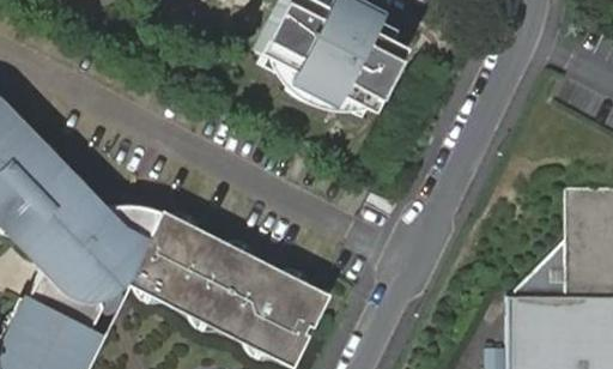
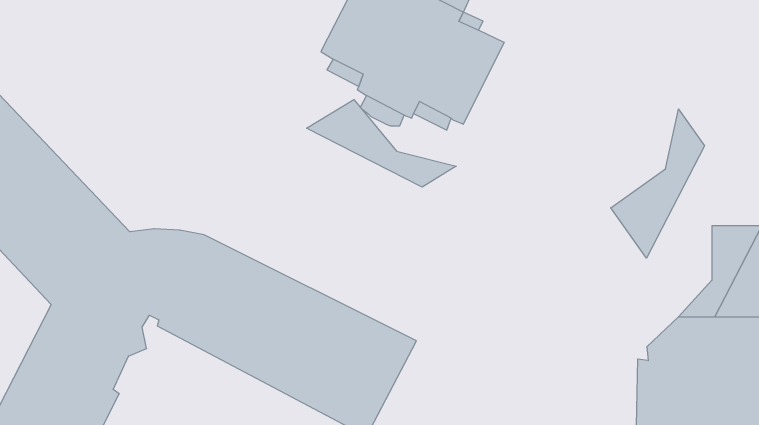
building: none -> [307,100,456,187]
building: none -> [611,109,704,258]

